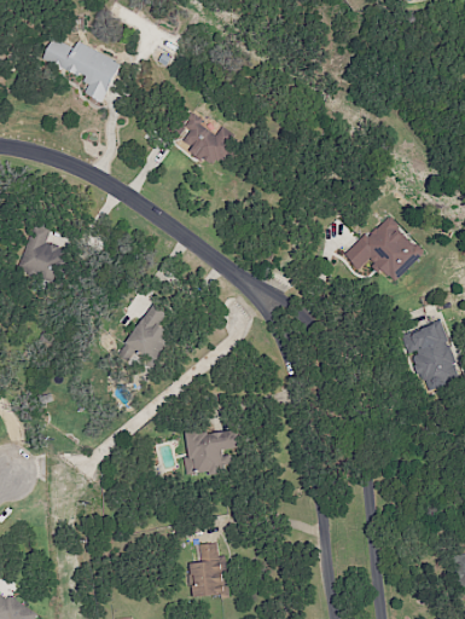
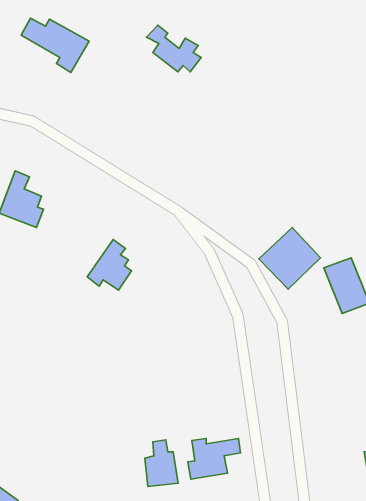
building: [178,109,243,164] -> [147,25,201,72]
building: [343,209,417,283] -> [259,227,321,289]
building: [182,429,245,478] -> [188,439,240,479]

